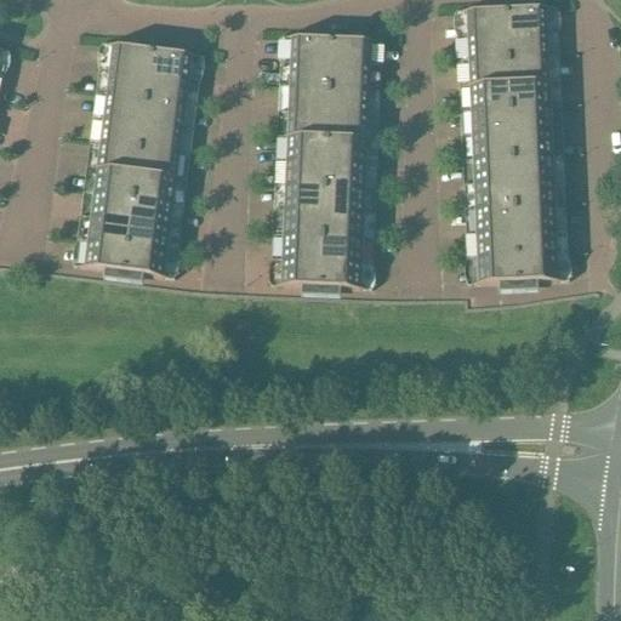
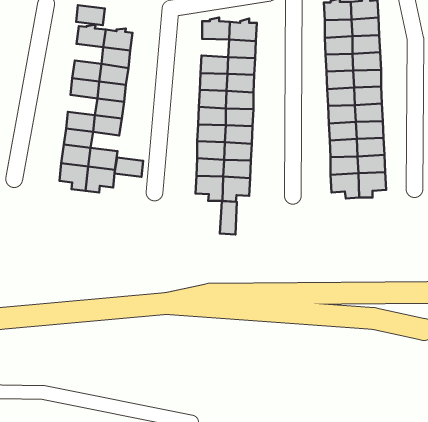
building: [292,56,332,82] -> none
building: [109,63,150,92] -> [76,5,105,25]
building: [99,137,142,166] -> none
building: [132,190,173,218] -> [115,158,143,177]
building: none -> [220,201,237,234]

